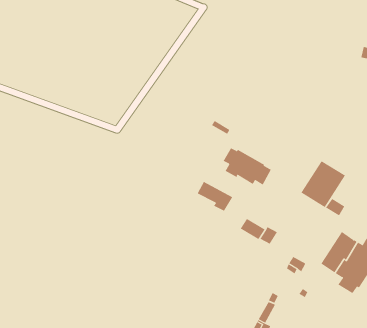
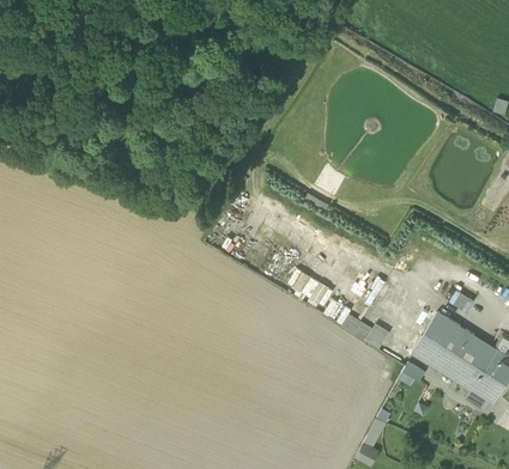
building: [223,148,272,185] -> none
building: [300,160,346,208] -> [411,312,468,372]

